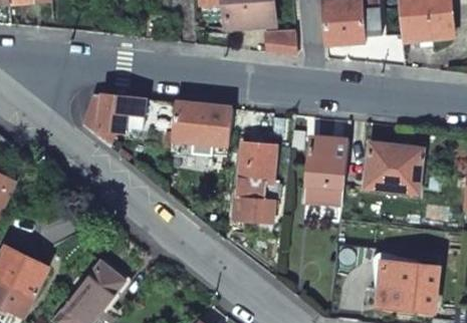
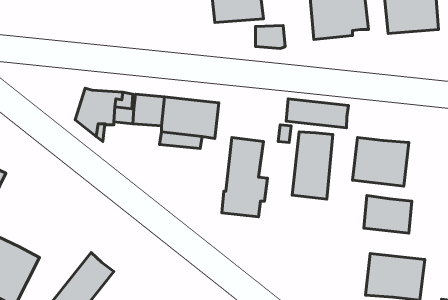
building: none -> [286,99,349,128]
building: none -> [364,196,412,233]

